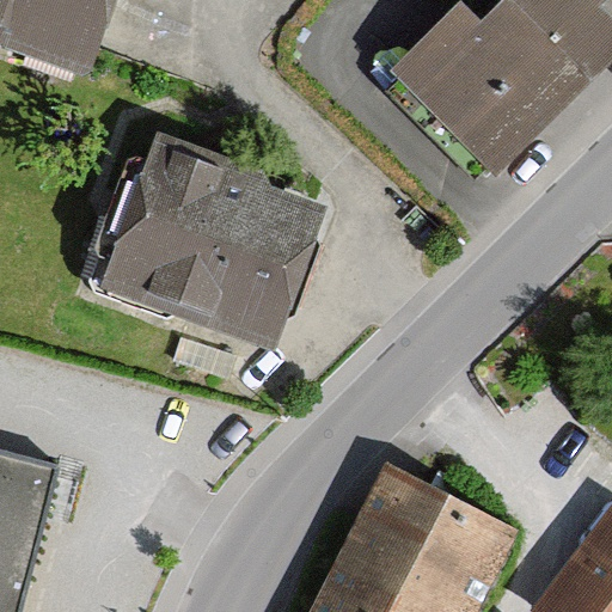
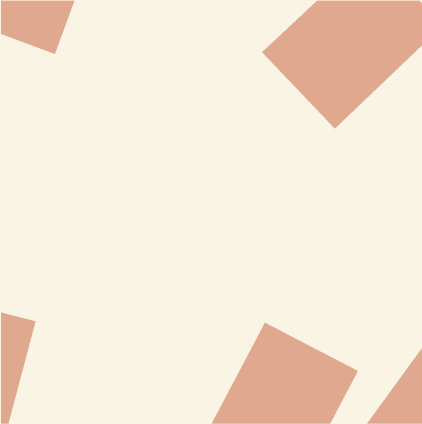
building: [87,134,326,339] -> none

